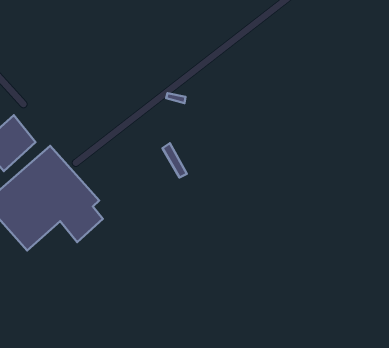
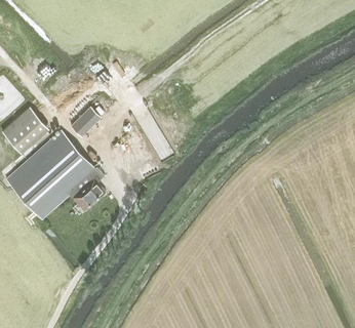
building: none -> [69,107,100,136]

